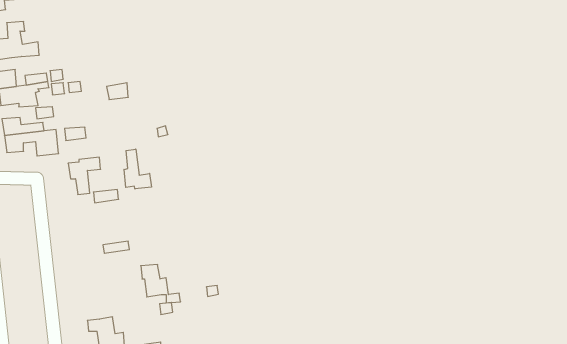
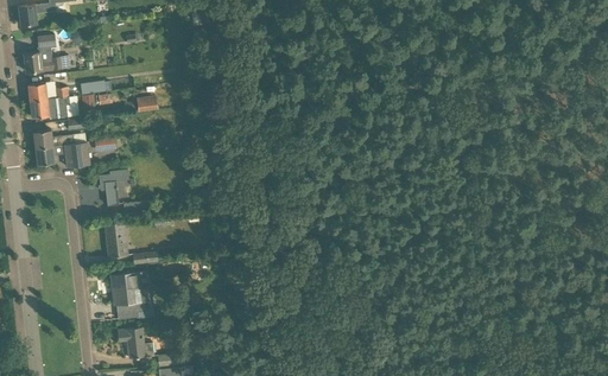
building: [124,149,151,189] -> none
building: none -> [104,223,127,259]
building: [141,265,181,303] -> [110,274,150,312]

